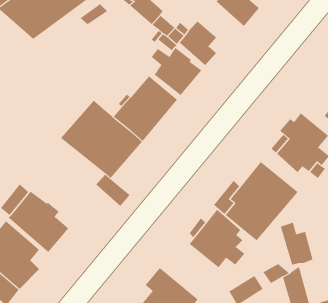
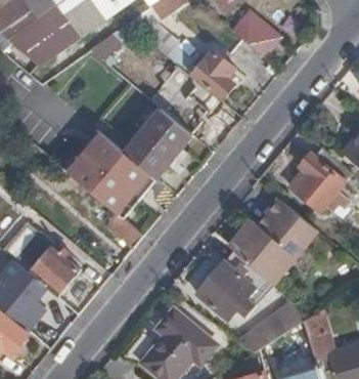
building: [280,222,313,266] -> none

